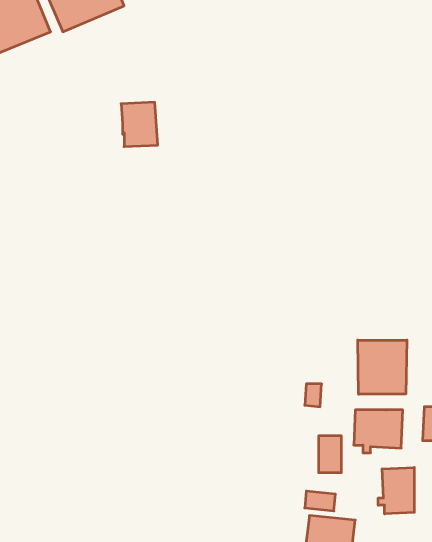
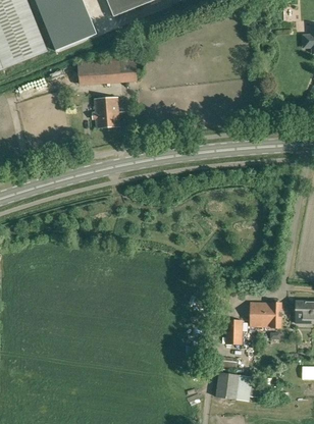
building: none -> [76,52,136,83]
building: [358,340,407,394] -> none
building: [378,467,414,514] -> none

